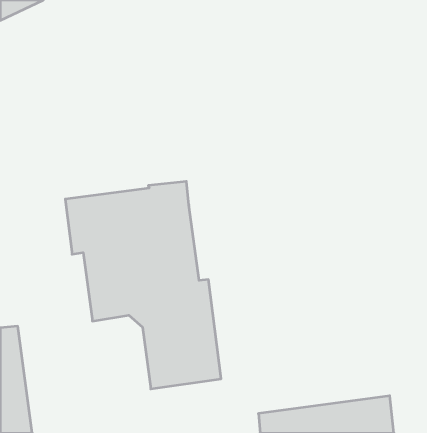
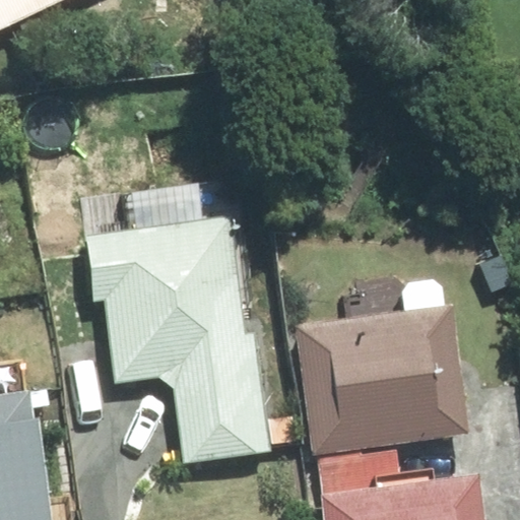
building: none -> [292,304,468,455]

